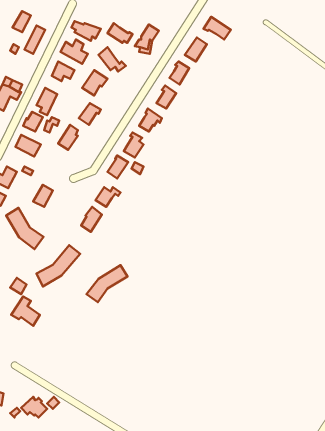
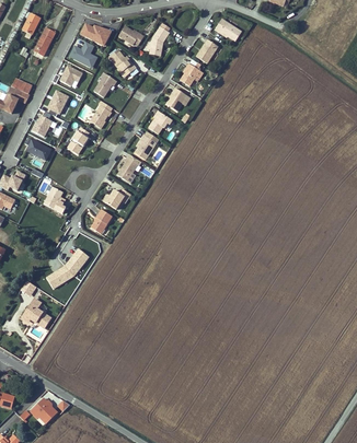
building: [6,208,44,249] -> none
building: [86,265,127,302] -> none

